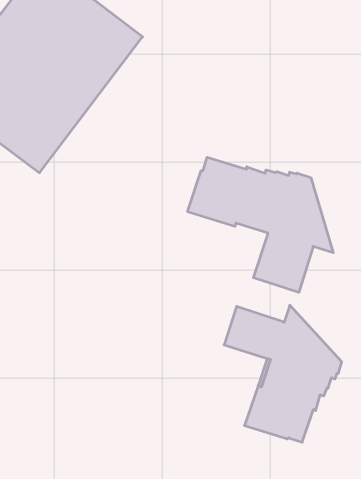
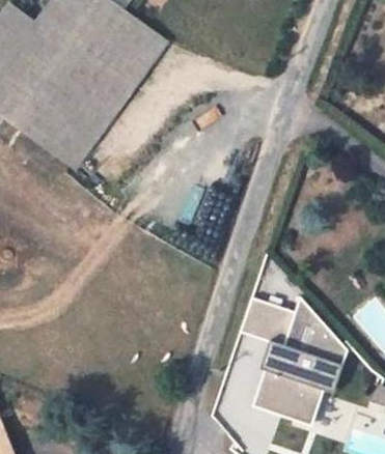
building: [188,157,333,292] -> none

